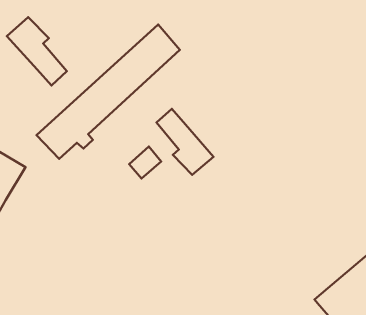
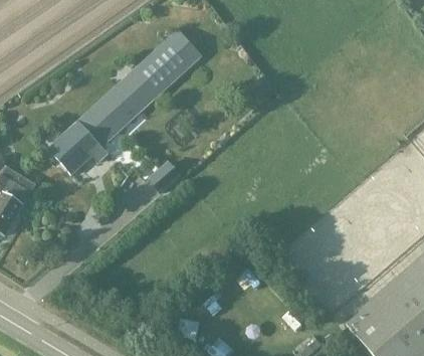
building: [7,17,67,86] -> none
building: [157,109,214,175] -> none

